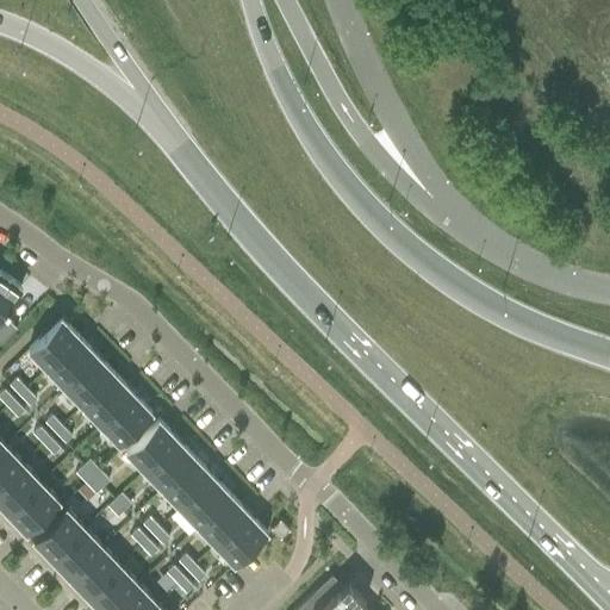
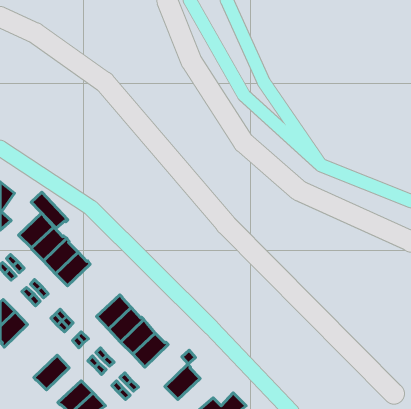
building: none -> [31,192,68,228]
building: [100,394,151,447] -> none
building: [125,421,178,472] -> none
building: [6,484,60,535] -> none
building: [32,510,85,562] -> none
building: [214,513,267,566] -> [165,364,200,399]
building: [69,548,120,599] -> none

